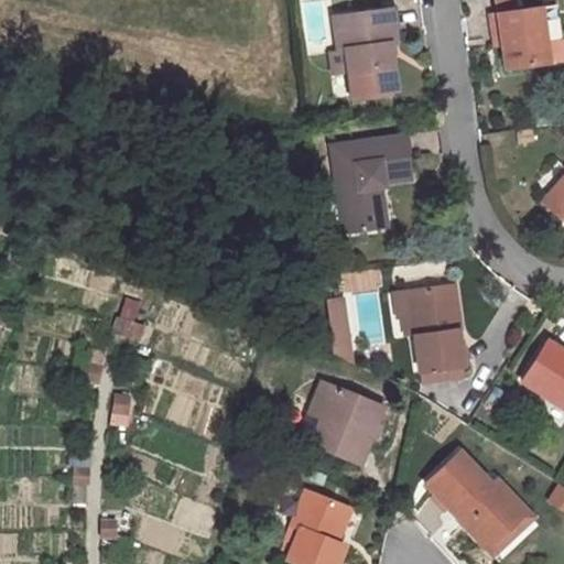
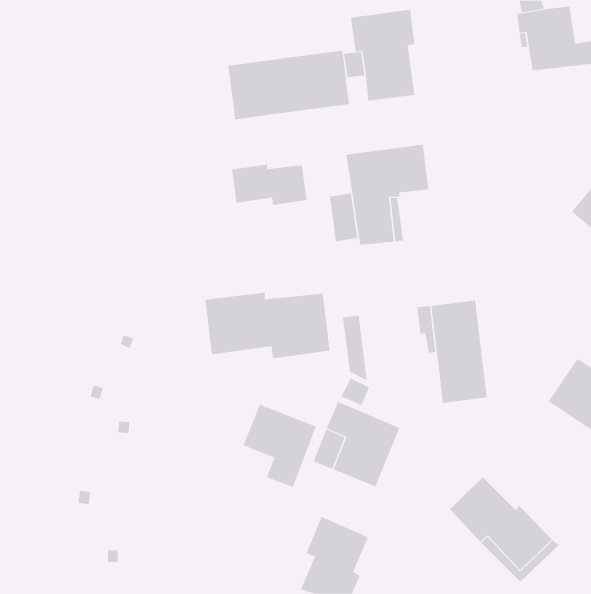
building: none -> [228,50,350,120]
building: none -> [231,164,307,206]
building: none -> [205,292,330,359]
building: none -> [243,404,317,488]

